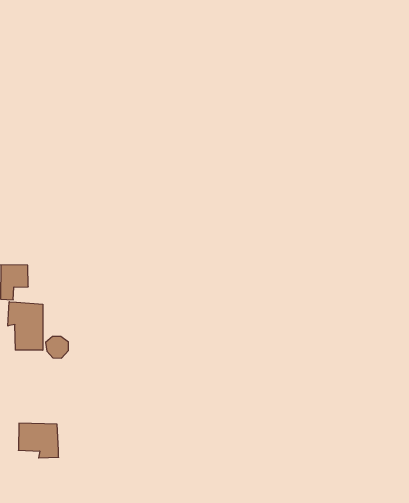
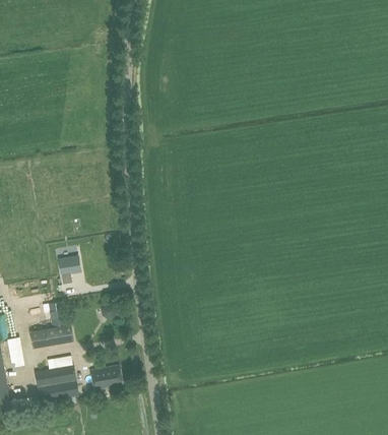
building: [8,302,43,350] -> none

